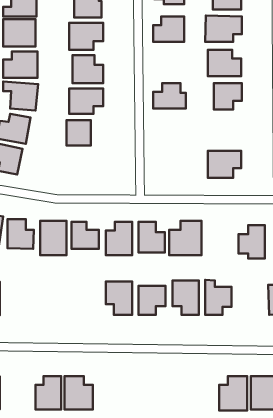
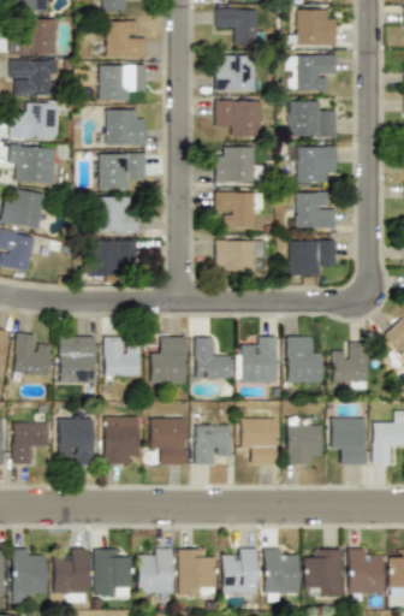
building: none -> [215,100,262,136]
building: none -> [216,192,263,227]
building: none -> [290,192,337,229]
building: none -> [215,239,263,277]
building: none -> [94,242,137,276]
building: none -> [286,336,322,383]
building: none -> [59,417,94,464]
building: none -> [331,417,367,464]
building: none -> [105,421,139,464]
building: none -> [13,422,49,464]
building: none -> [12,549,48,600]
building: none -> [138,549,173,594]
building: none -> [179,549,216,596]
building: none -> [222,549,259,594]
building: none -> [263,549,299,594]

